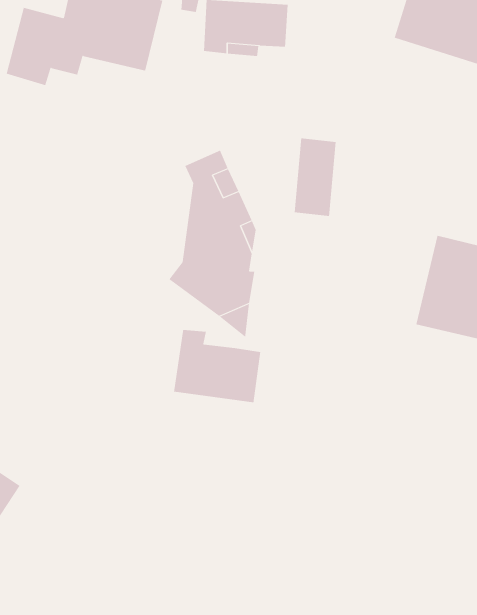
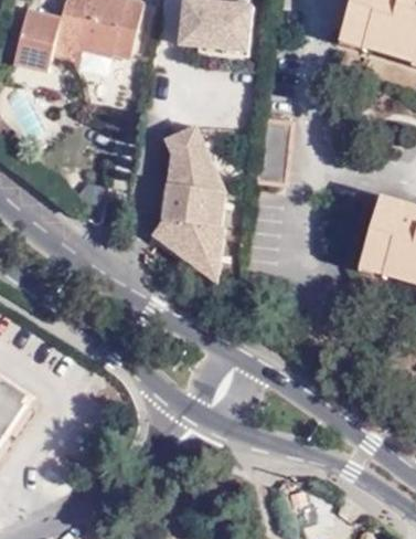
building: [173,329,261,403] -> none

